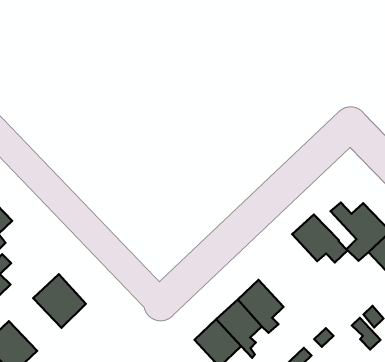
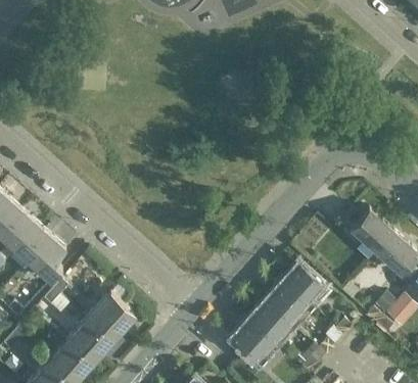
building: [292,215,348,262] -> [282,265,331,304]
building: none -> [69,315,115,360]

